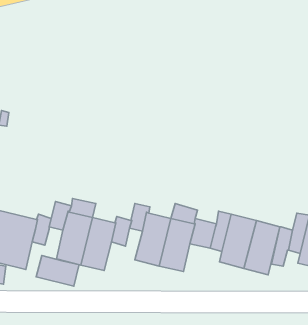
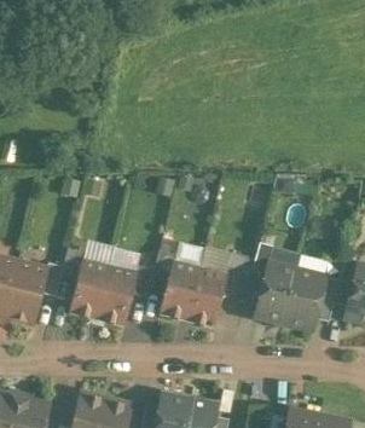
building: [36,256,79,286] -> none

